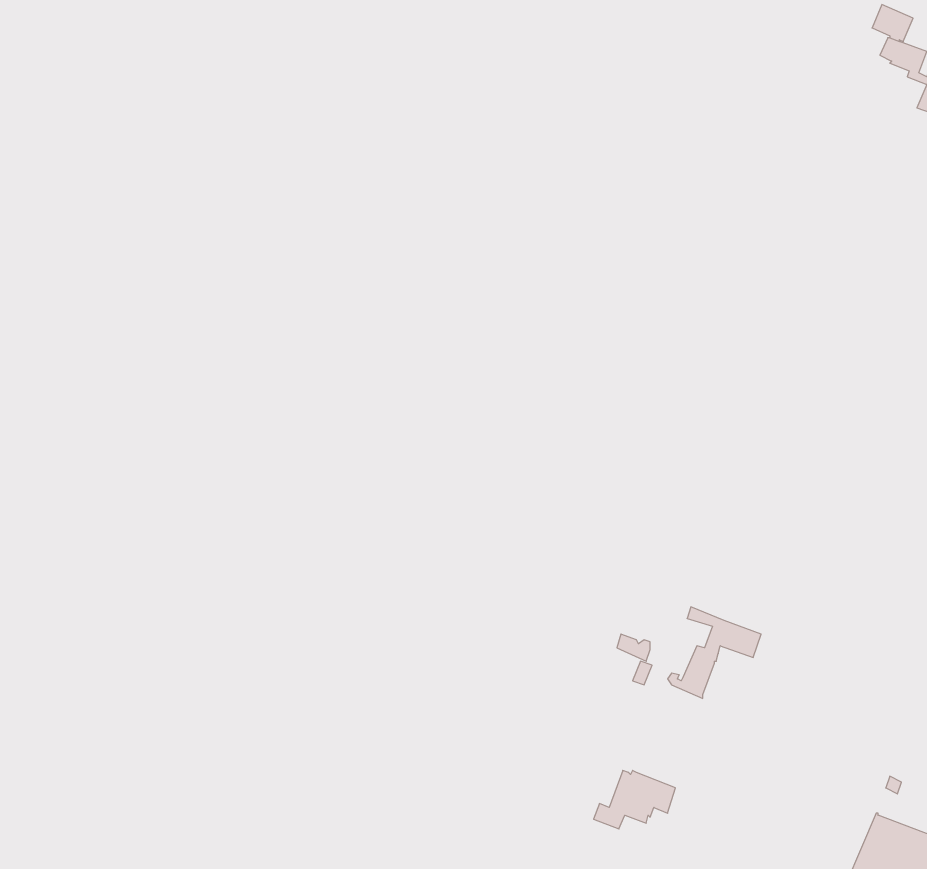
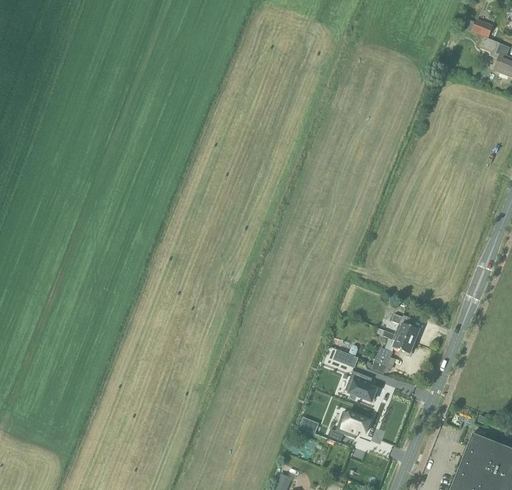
building: none -> [392,314,419,342]
building: none -> [345,371,376,402]

